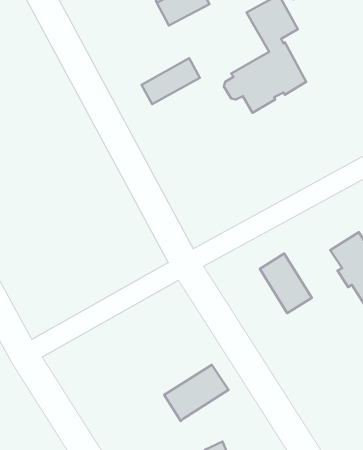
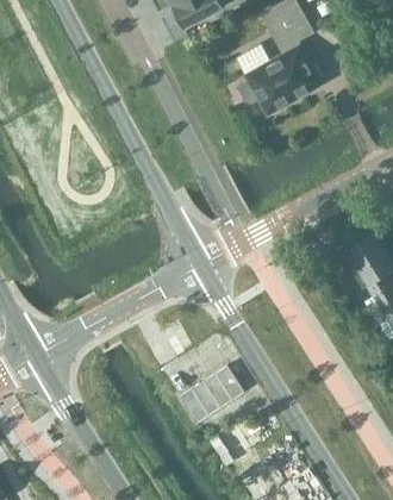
building: [141,58,200,104] -> none
building: [260,253,312,313] -> none

